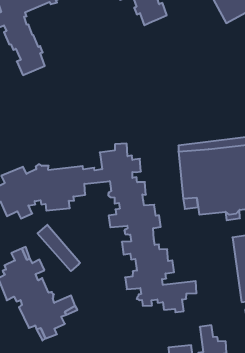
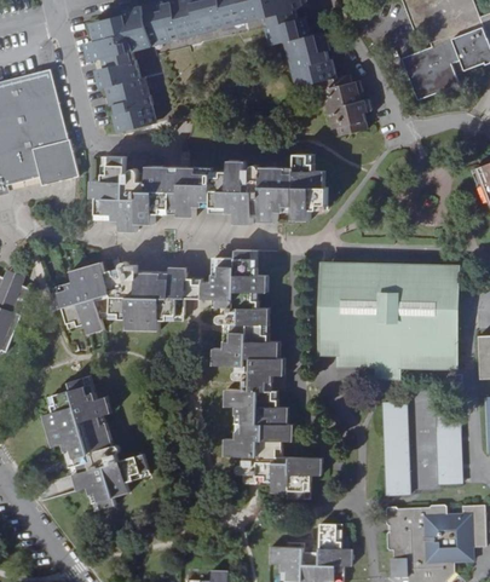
building: none -> [321,74,368,134]
building: none -> [92,151,328,230]
building: [38,225,80,271] -> none

